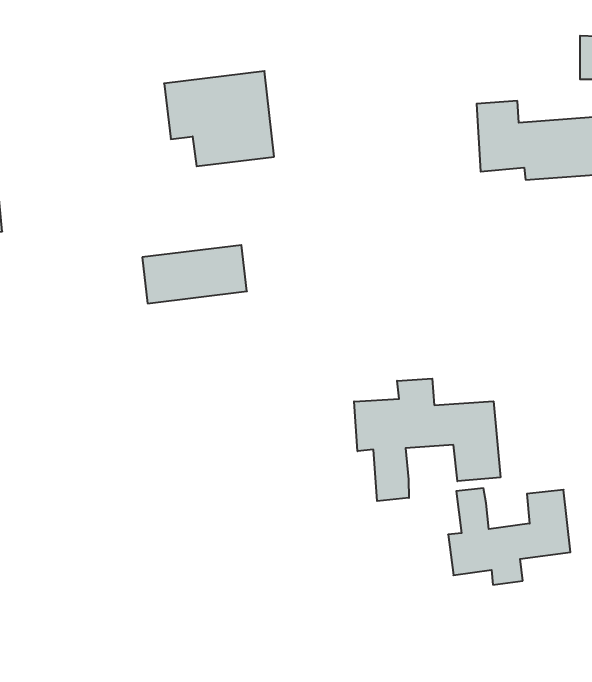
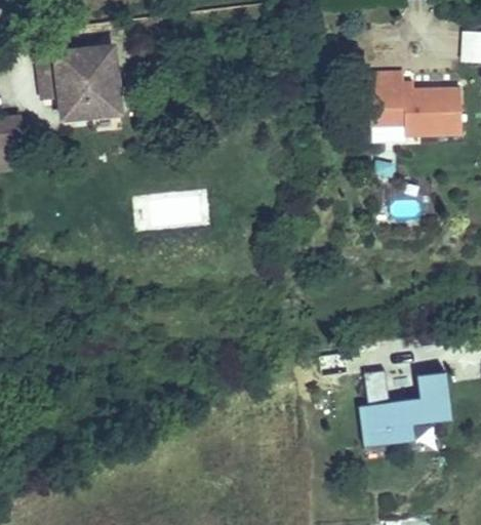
building: [164,71,274,166] -> [37,54,120,126]
building: [354,379,500,501] -> none

